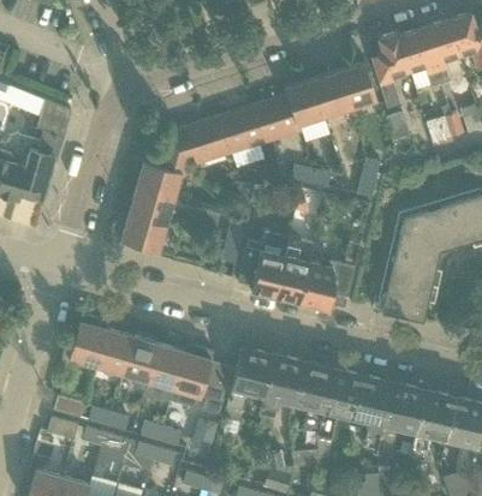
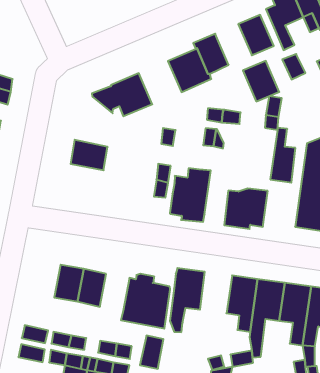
building: [310,71,350,116] -> [243,61,279,101]
building: [218,106,264,154] -> none
building: [136,138,183,198] -> none
building: [120,214,166,251] -> none
building: [275,237,308,301] -> [270,128,295,183]
building: [69,315,106,366] -> none
building: [147,345,184,389] -> none
building: [257,353,303,430] -> none

